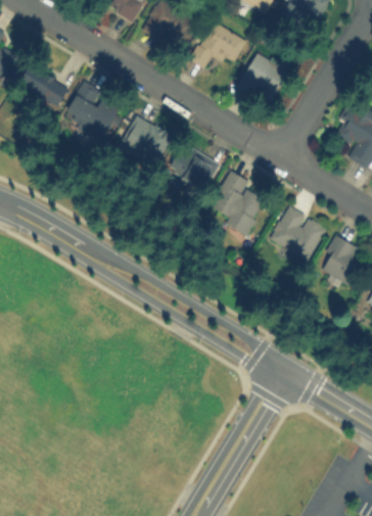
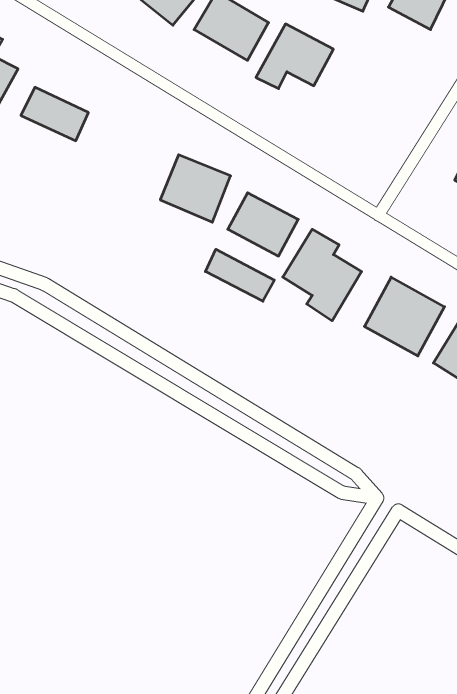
building: [240,54,288,101] -> none
building: [66,82,123,136] -> none
building: none -> [205,249,274,301]

